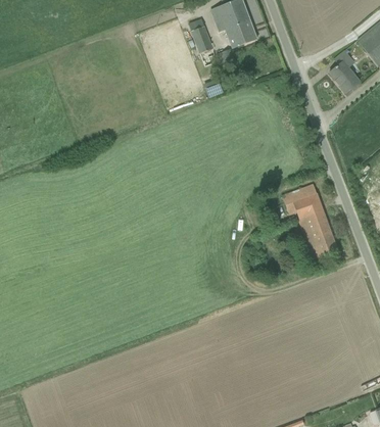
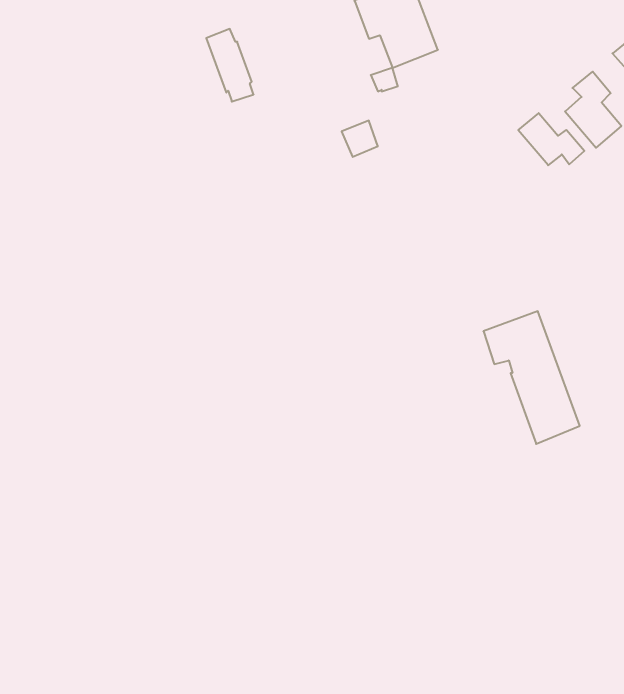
building: [189,17,216,58] -> [206,29,254,102]
building: none -> [518,113,584,165]

